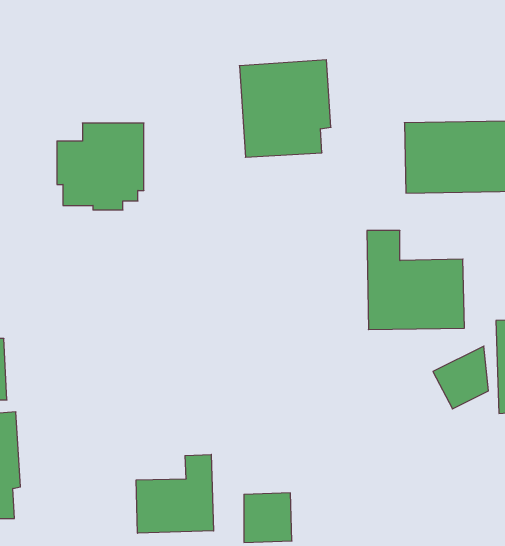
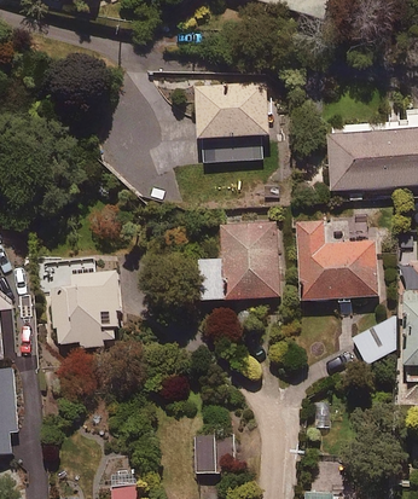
building: [57,123,144,210] -> [51,272,121,342]
building: none -> [196,221,277,301]
building: [136,454,214,533] -> none

